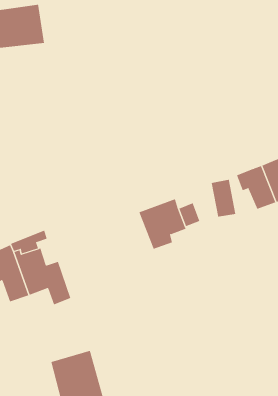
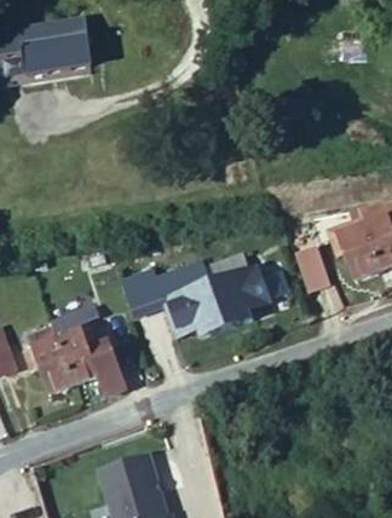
building: none -> [119,258,227,336]

